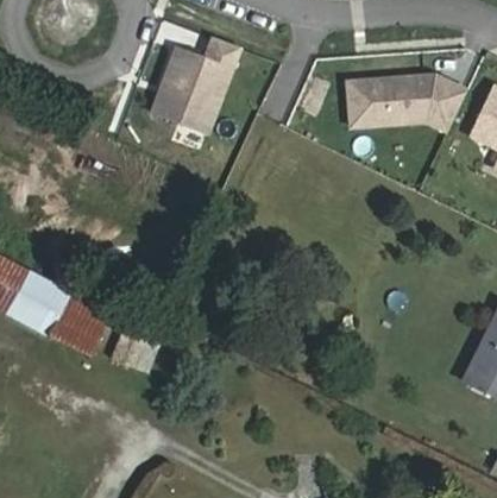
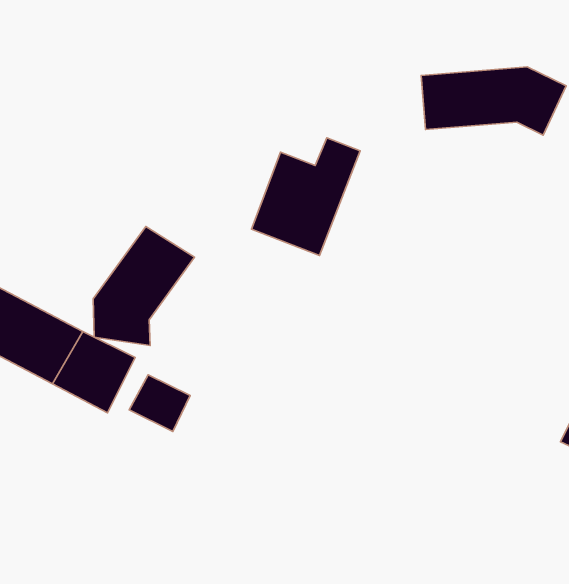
building: [151,34,240,131] -> [251,138,360,255]
building: none -> [93,226,194,346]

